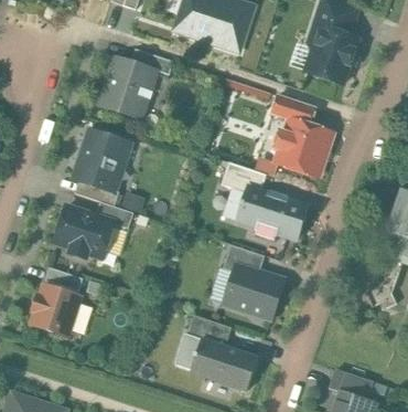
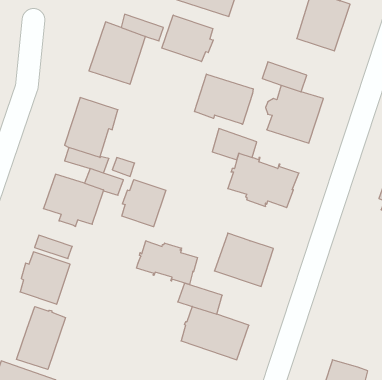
building: none -> [162,15,213,62]
building: none -> [195,74,253,124]
building: none -> [122,180,166,227]
building: [222,244,264,273] -> none
building: none -> [137,241,197,285]
building: none -> [17,307,65,369]
building: [328,369,372,399] -> none

